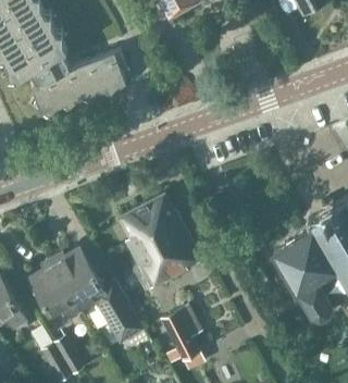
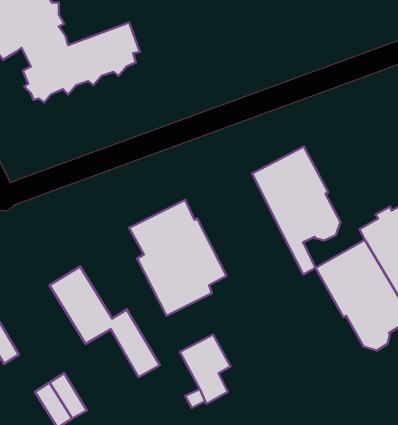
building: none -> [252,146,340,274]
building: [27,264,82,328] -> none

